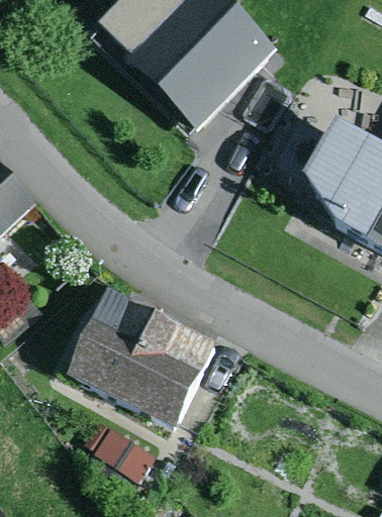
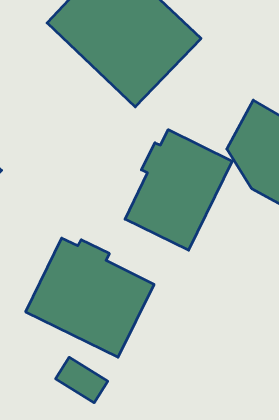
building: none -> [125,130,232,250]

